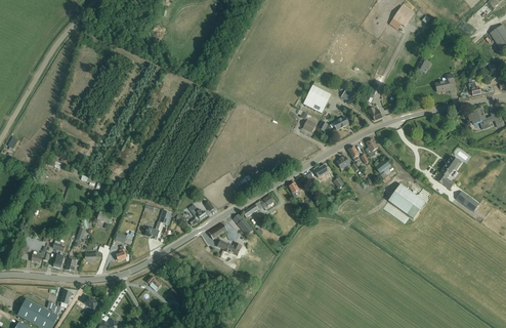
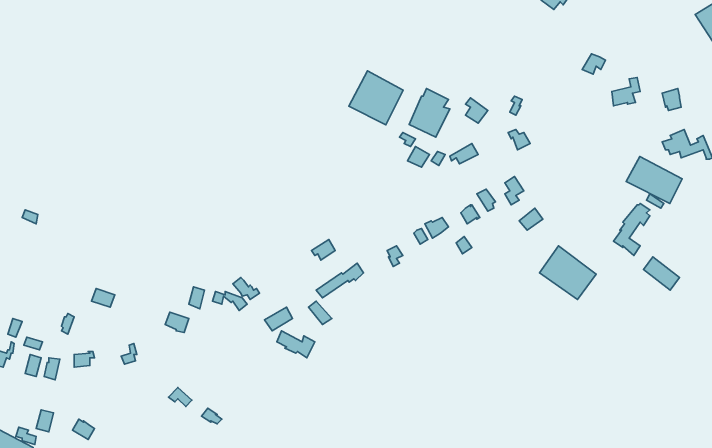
building: none -> [349,71,403,125]
building: none -> [626,157,682,203]

